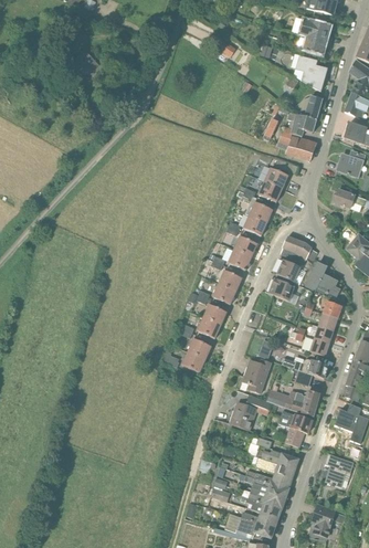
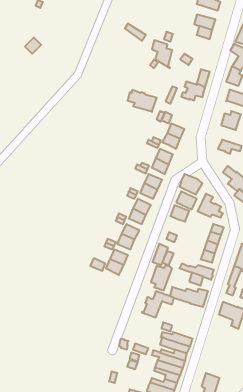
building: [296,53,324,91] -> [152,40,172,68]
building: [276,130,316,160] -> [127,90,157,112]
building: [277,410,312,445] -> none
building: [325,453,354,486] -> none

